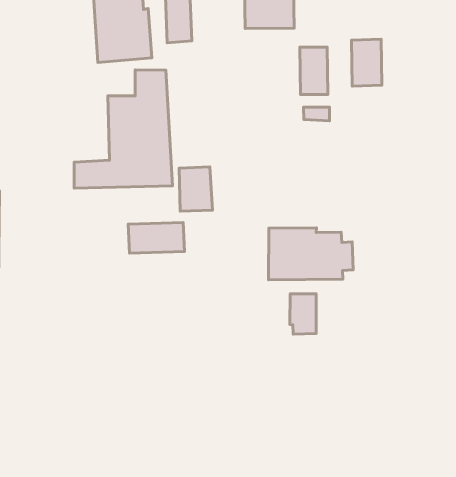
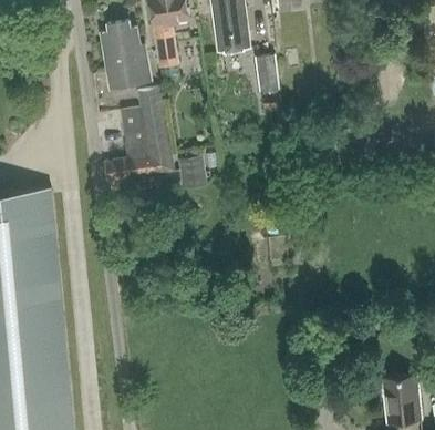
building: [351,39,382,86] -> none
building: [128,223,184,253] -> none
building: [268,228,353,280] -> none

